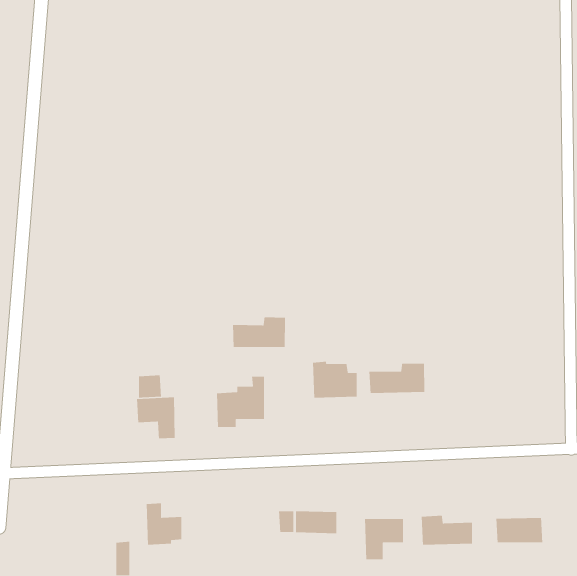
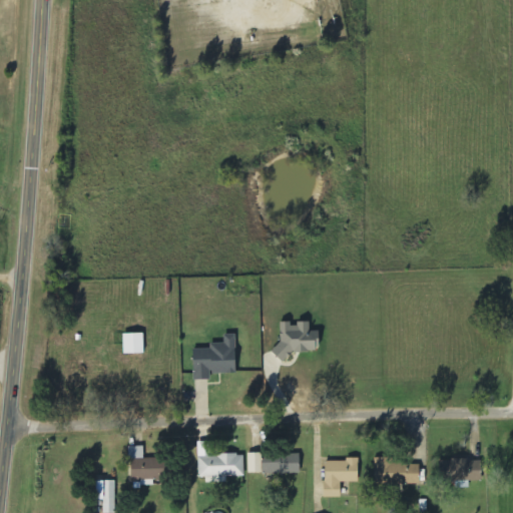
building: [232,317,286,348] -> none
building: [369,363,425,394] -> none
building: [136,397,176,439] -> none
building: none -> [197,440,243,482]

